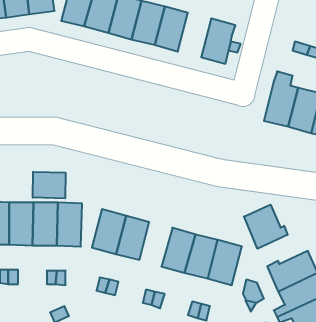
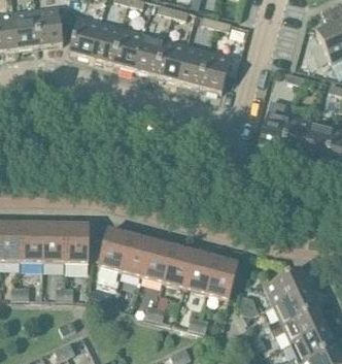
building: none -> [178,45,209,87]
building: [33,172,65,198] -> none
building: [244,205,288,249] -> none
building: none -> [142,241,173,283]

